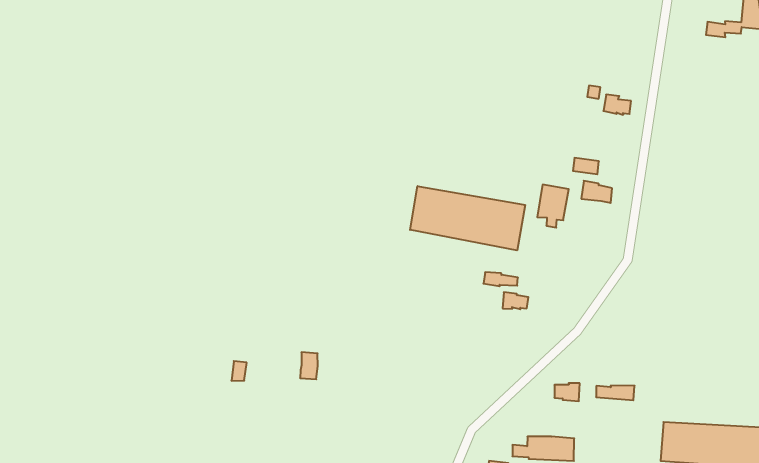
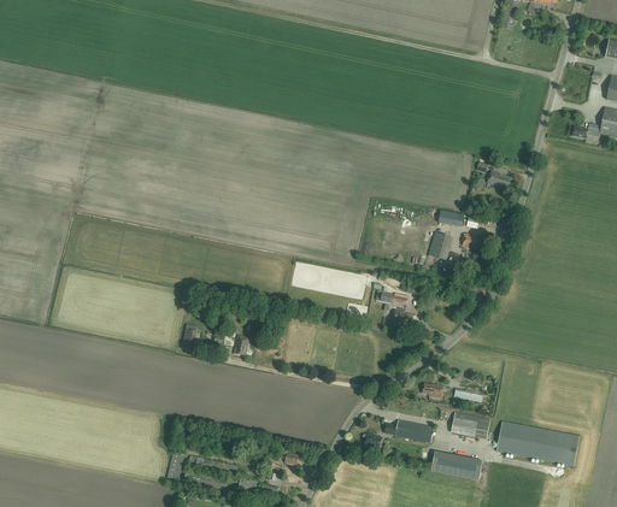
building: [410,186,525,250] -> none
building: none -> [452,413,490,438]

